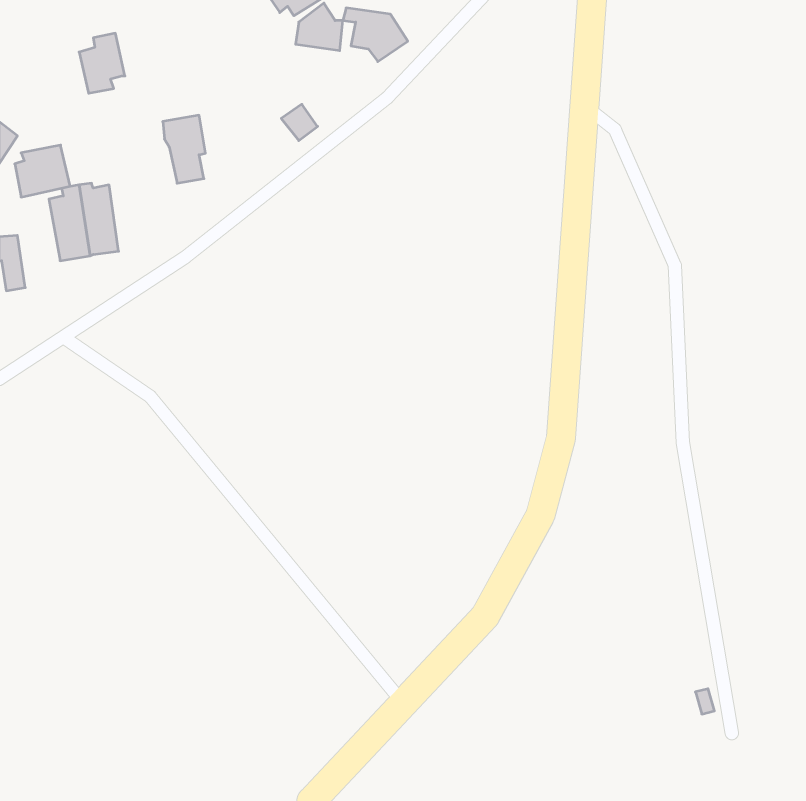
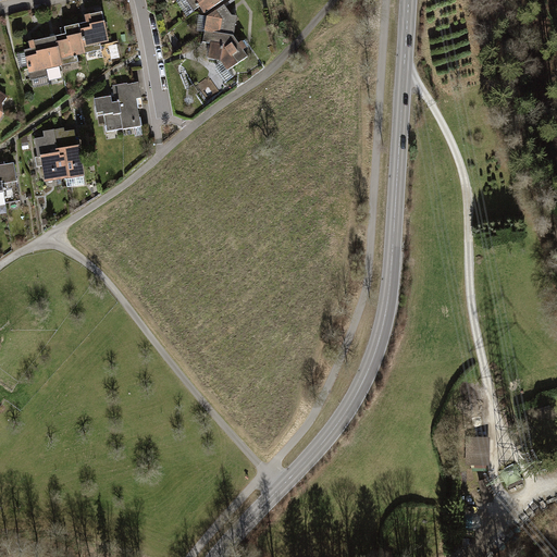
building: [343,8,408,62] -> [201,30,246,67]
building: none -> [79,11,108,52]
building: none -> [92,95,122,129]
building: [15,145,70,197] -> [23,36,61,72]

